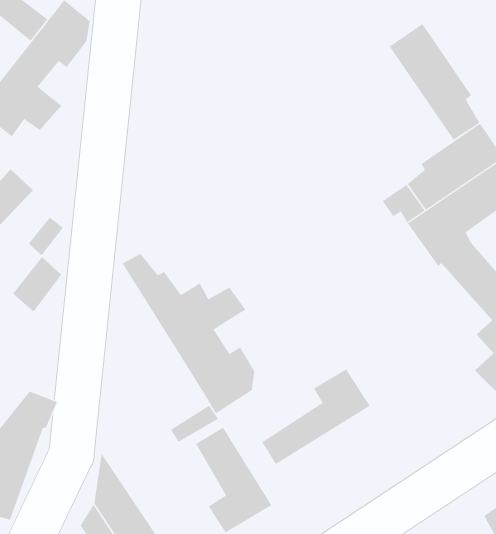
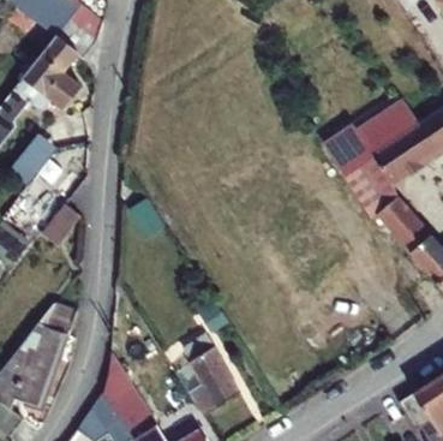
building: [389,23,480,141] -> none
building: [122,253,255,414] -> none
building: [261,368,371,465] -> none

